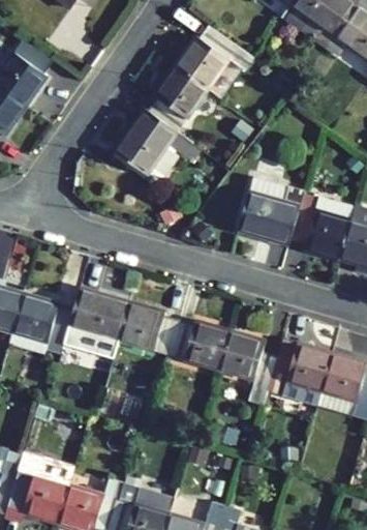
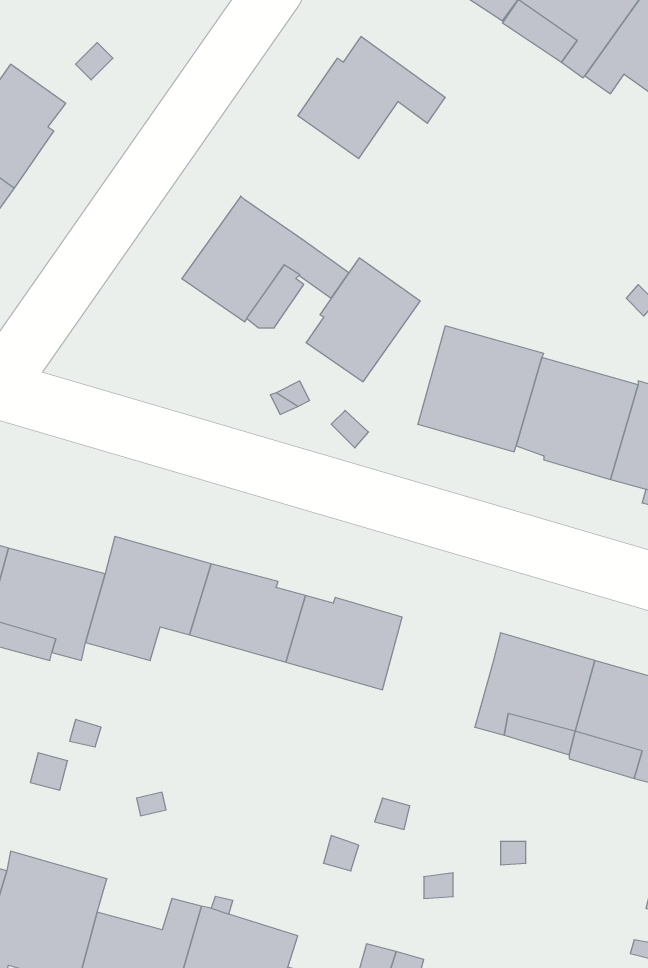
building: [147,66,207,131] -> [306,258,420,382]
building: [219,330,277,404] -> none

